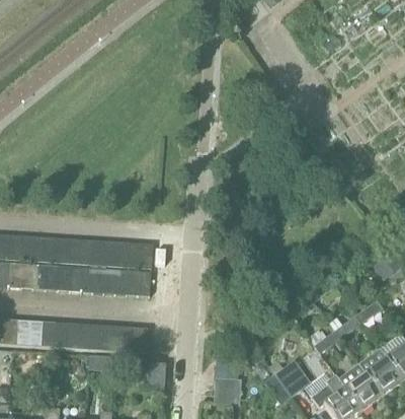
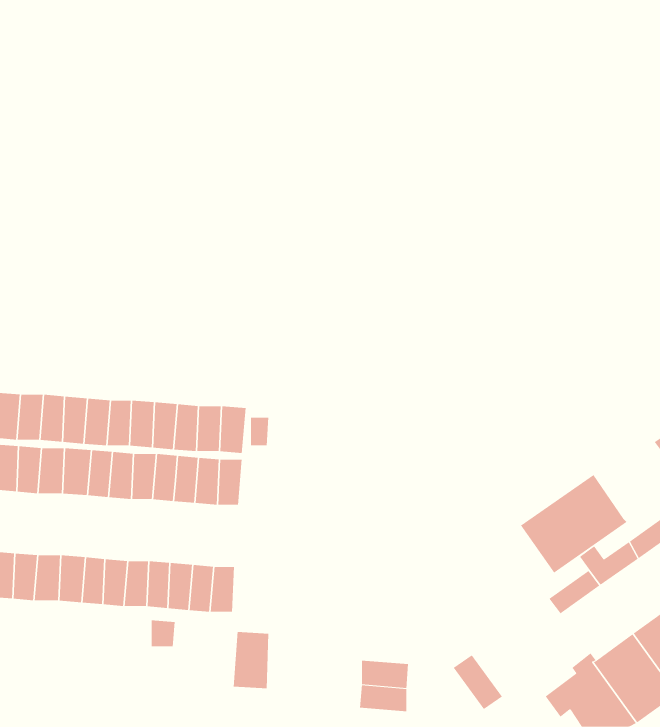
building: none -> [520,474,628,574]
building: [274,359,312,397] -> none

